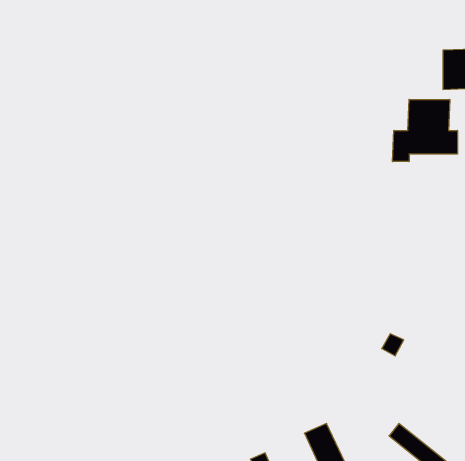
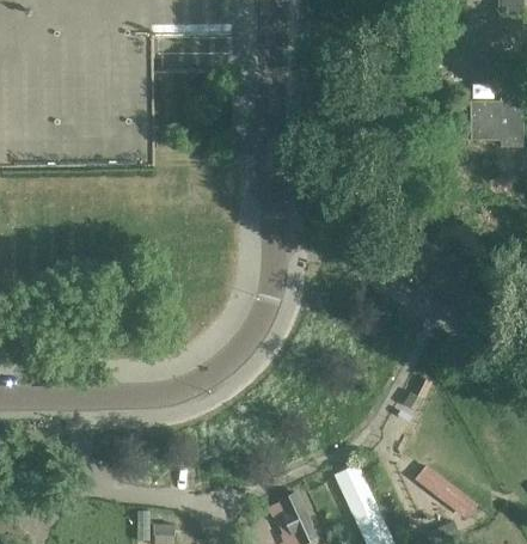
building: [393,99,457,162] -> none

